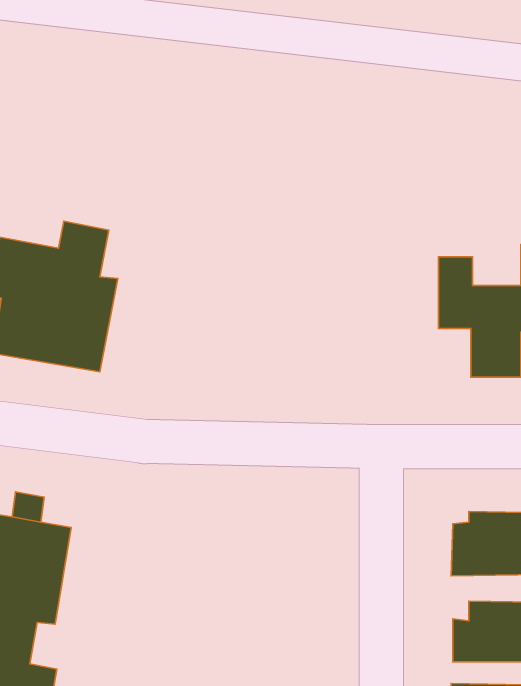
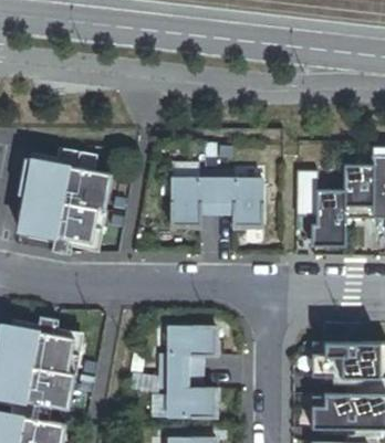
building: none -> [163,180,251,229]
building: none -> [154,327,215,420]

